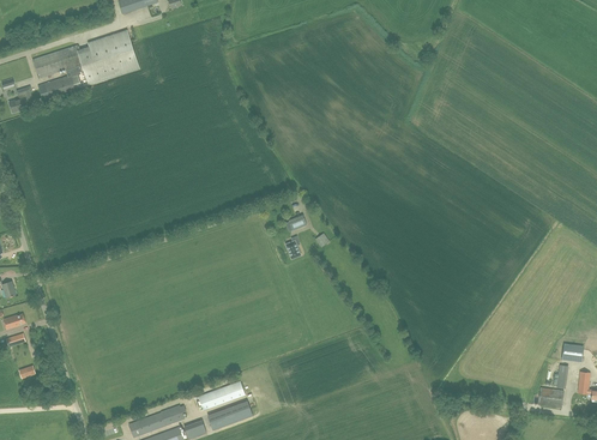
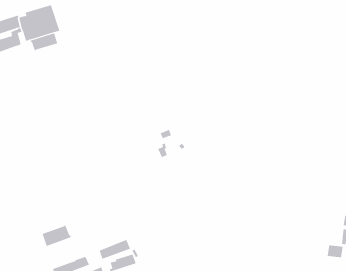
building: none -> [30,33,58,51]
building: none -> [42,225,72,247]

